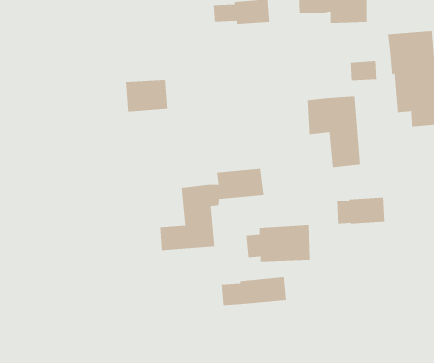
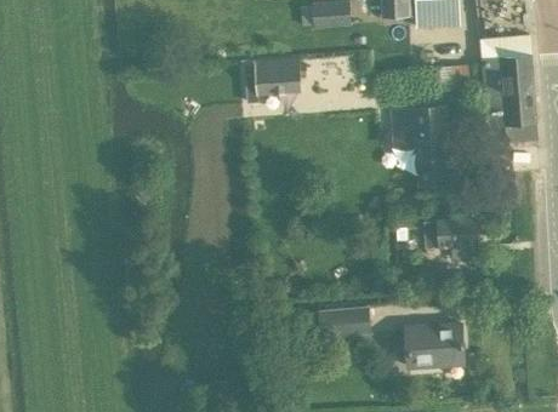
building: [125,79,168,112] -> [255,61,302,97]
building: [159,168,265,251] -> none
building: [245,224,311,263] -> [392,325,463,367]

